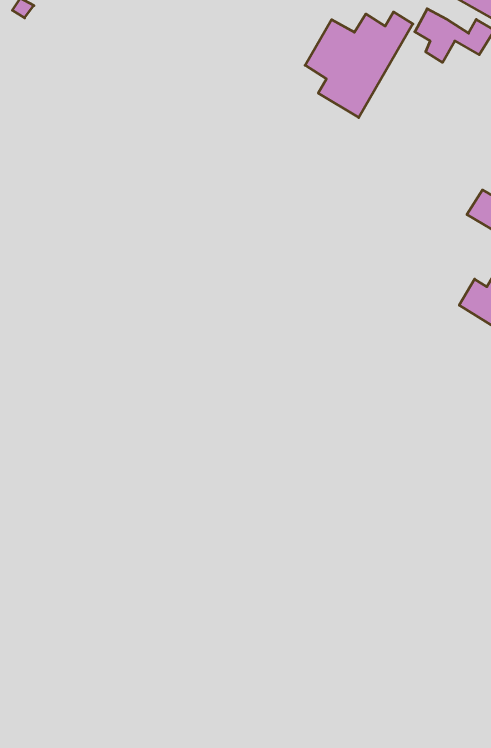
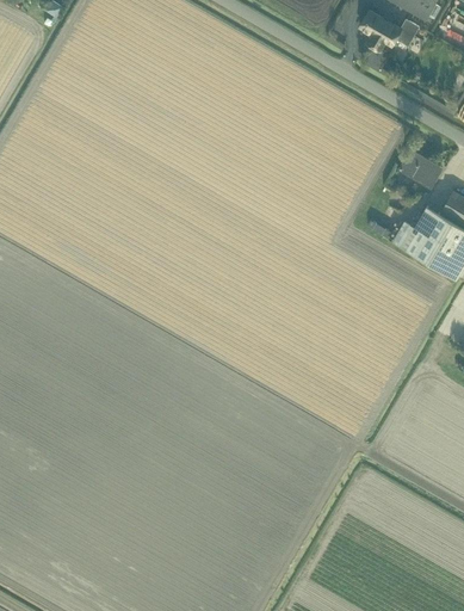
building: [305,12,413,118] -> none

